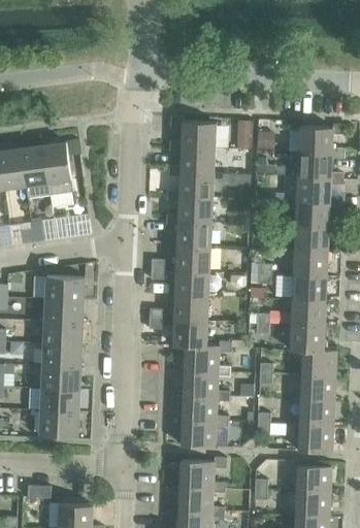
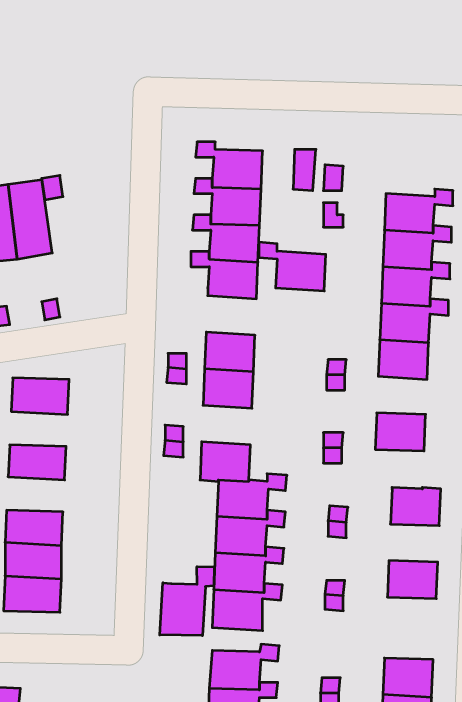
building: [298,124,345,154] -> none
building: [165,214,210,248] -> [259,242,326,291]
building: [292,275,326,301] -> none
building: [173,295,207,322] -> none
building: [43,299,83,323] -> none
building: [290,325,324,352] -> none
building: [41,343,80,367] -> none
building: [300,375,334,401] -> none
building: none -> [160,567,214,636]
building: [298,425,332,452] -> none

